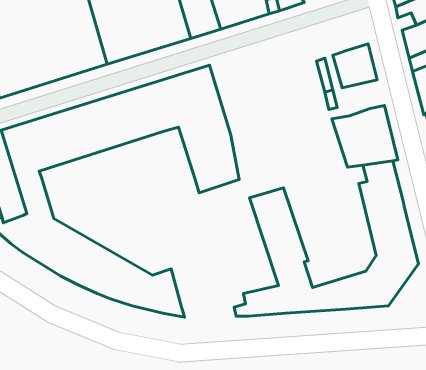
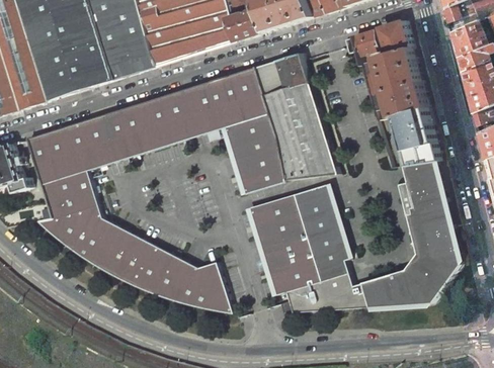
building: none -> [380,18,411,52]
building: none -> [352,28,379,56]
building: none -> [255,52,337,178]
building: none -> [386,80,427,115]
building: none -> [251,196,323,294]

